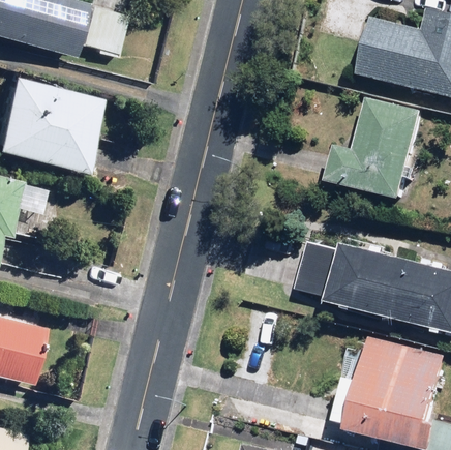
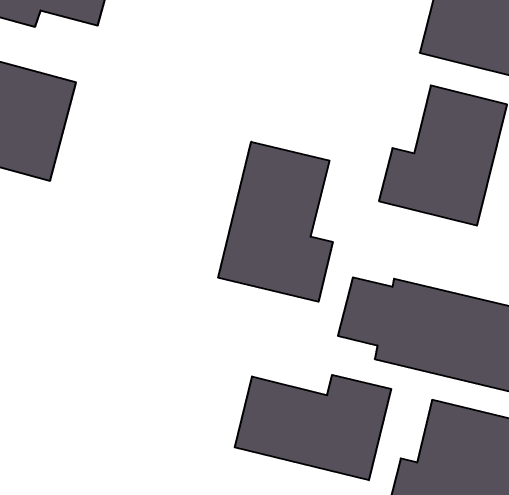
building: none -> [218,142,333,302]
building: none -> [235,375,391,480]

